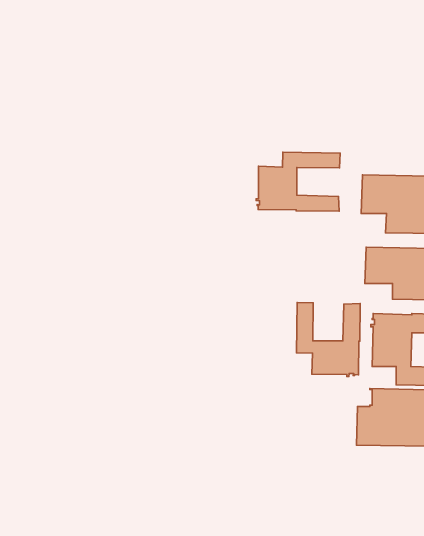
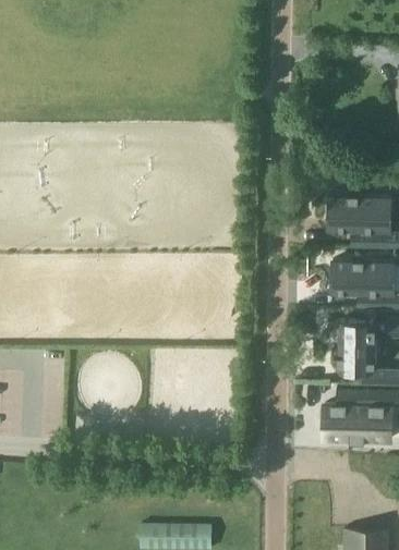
building: [256,152,340,211] -> none
building: [296,302,360,377] -> none

